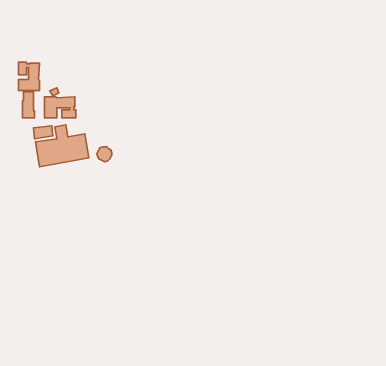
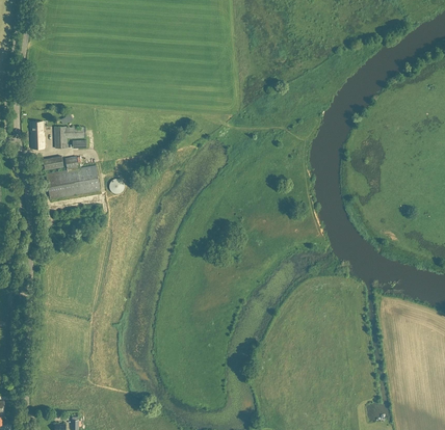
building: [18,62,40,91] -> none

